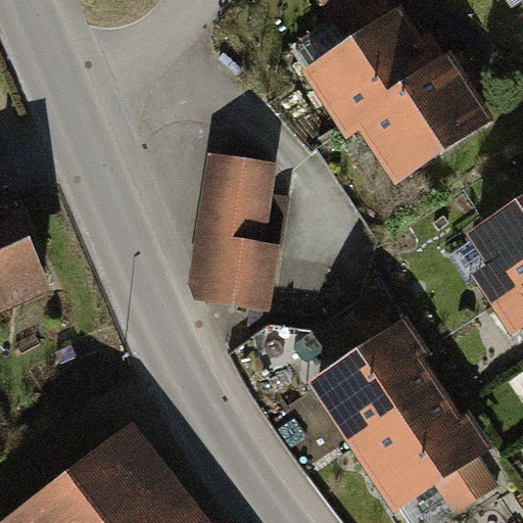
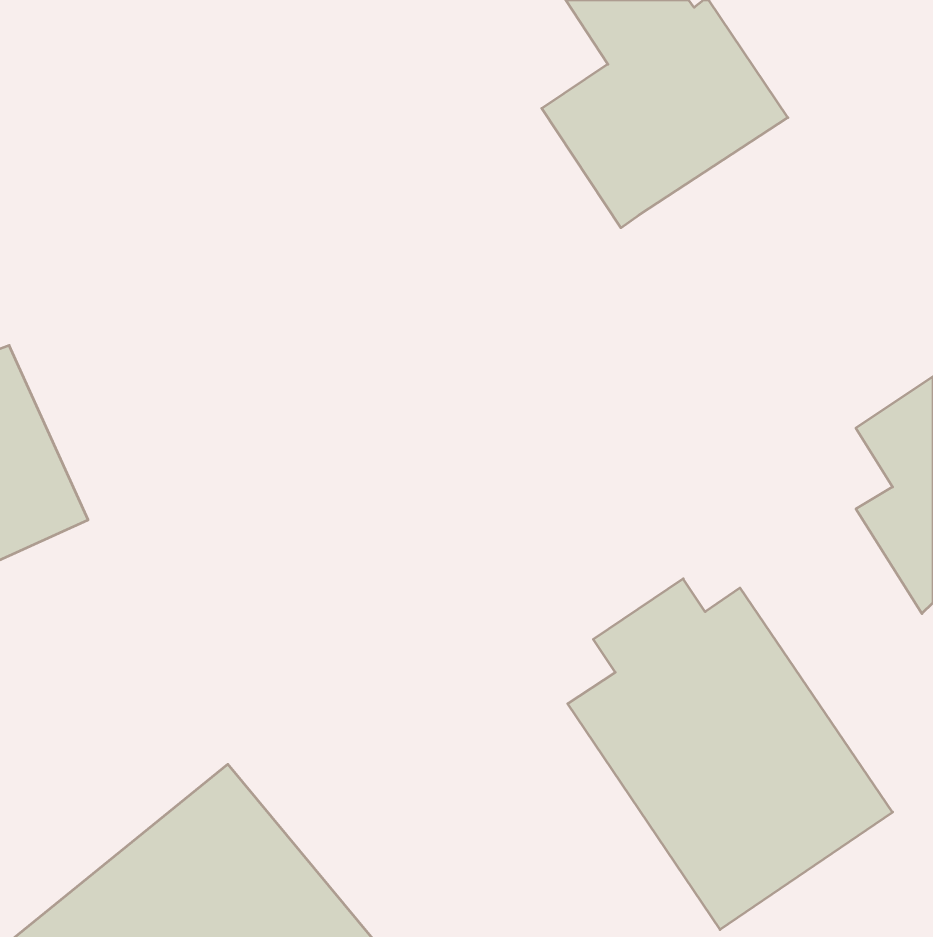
building: [355,60,487,180] -> none
building: [192,154,279,312] -> none

